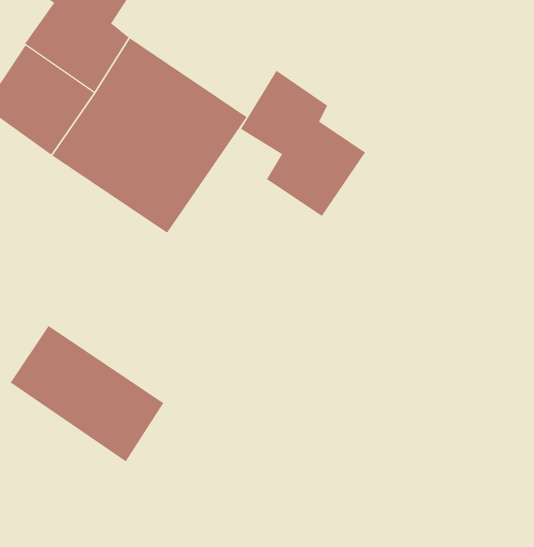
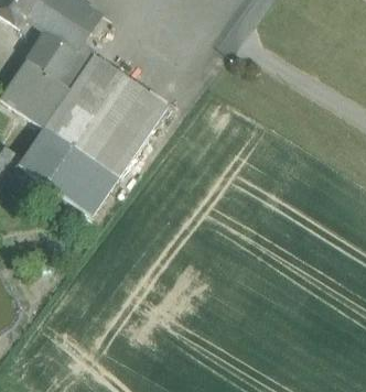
building: [240,70,366,217] -> none
building: [10,325,164,462] -> [19,128,117,215]

